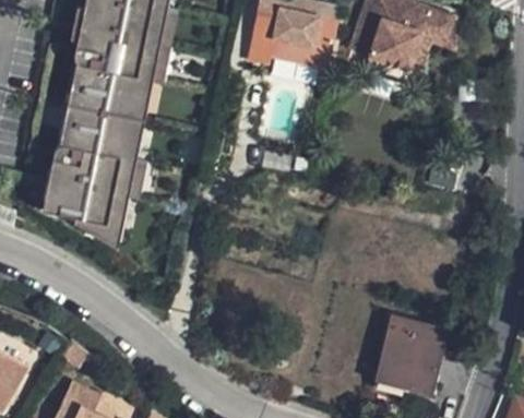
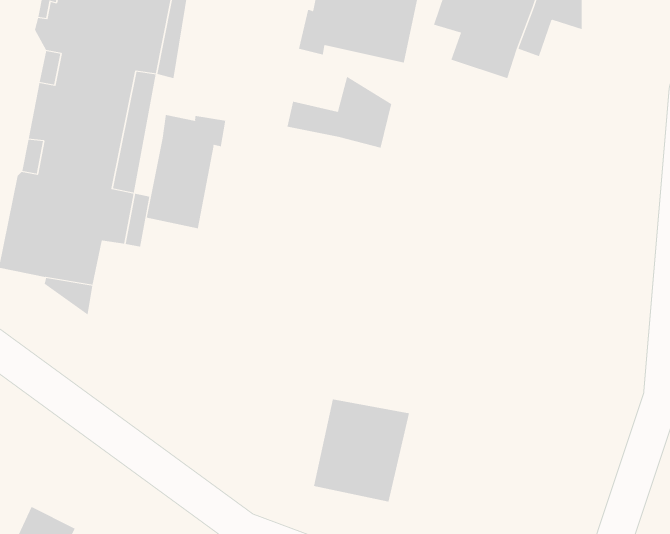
building: none -> [287,76,392,148]
building: none -> [146,114,226,229]
building: [372,314,439,385] -> [313,399,410,502]

